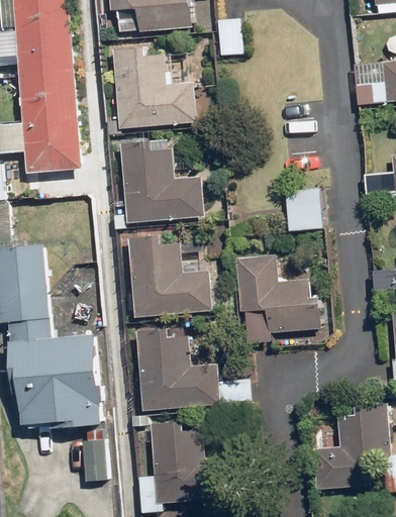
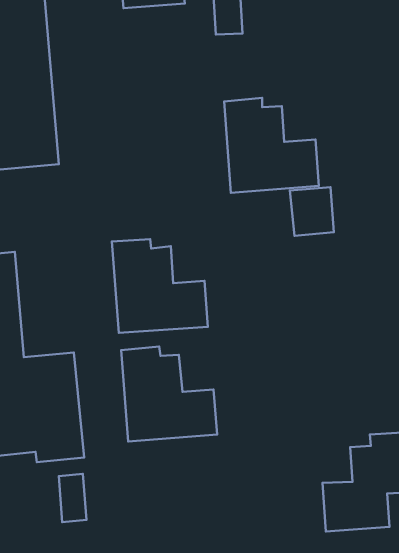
building: [113,46,196,129] -> none
building: [120,140,203,223] -> [224,98,319,193]
building: [235,255,321,332] -> none
building: [150,420,233,503] -> none

